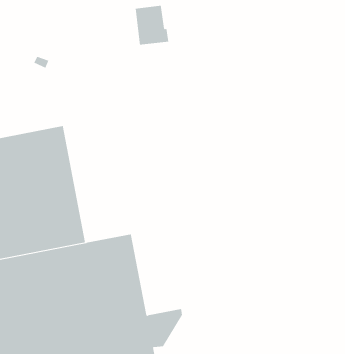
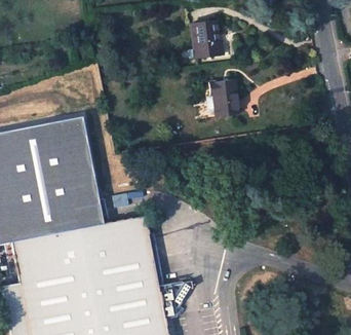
building: [135,5,169,45] -> [192,20,224,57]
building: none -> [208,79,239,116]

